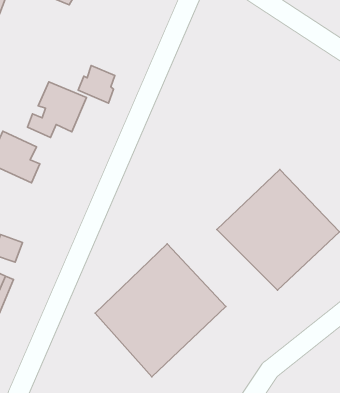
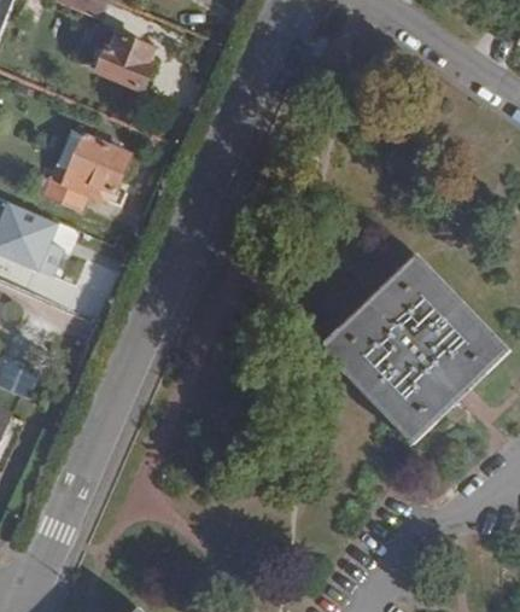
building: [78,66,115,103] -> [97,33,151,88]
building: [95,244,226,377] -> none

